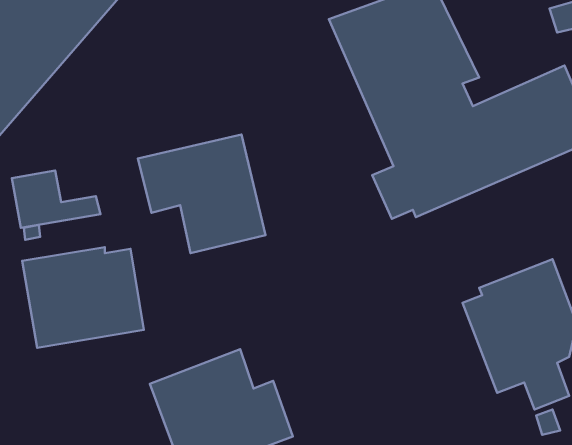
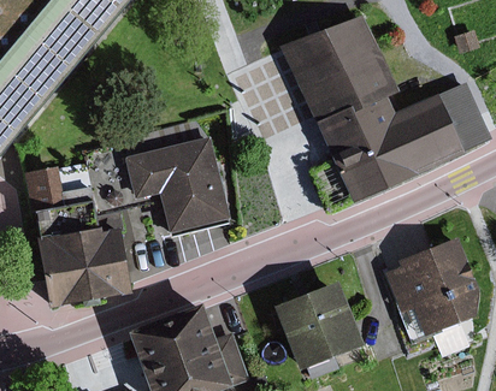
building: none -> [271,280,359,378]

